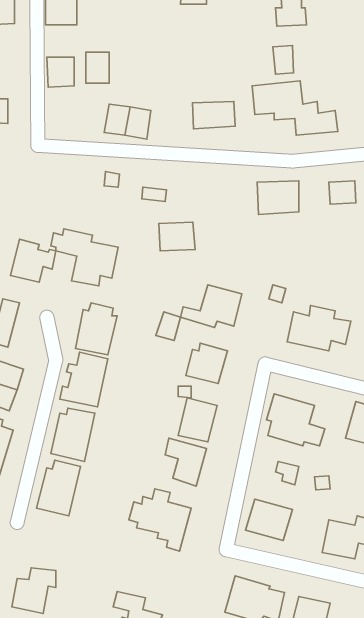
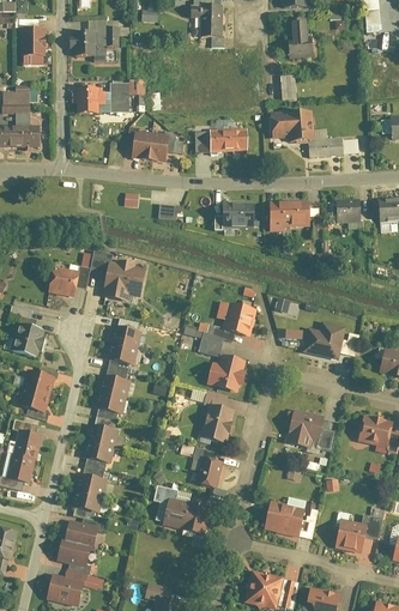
building: [159,222,195,251] -> [224,204,258,230]
building: none -> [55,519,98,562]

